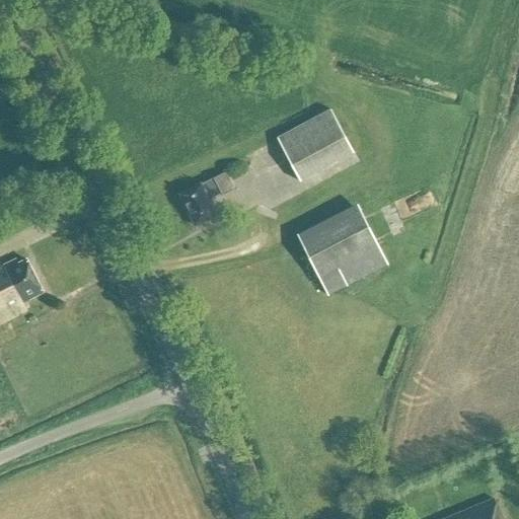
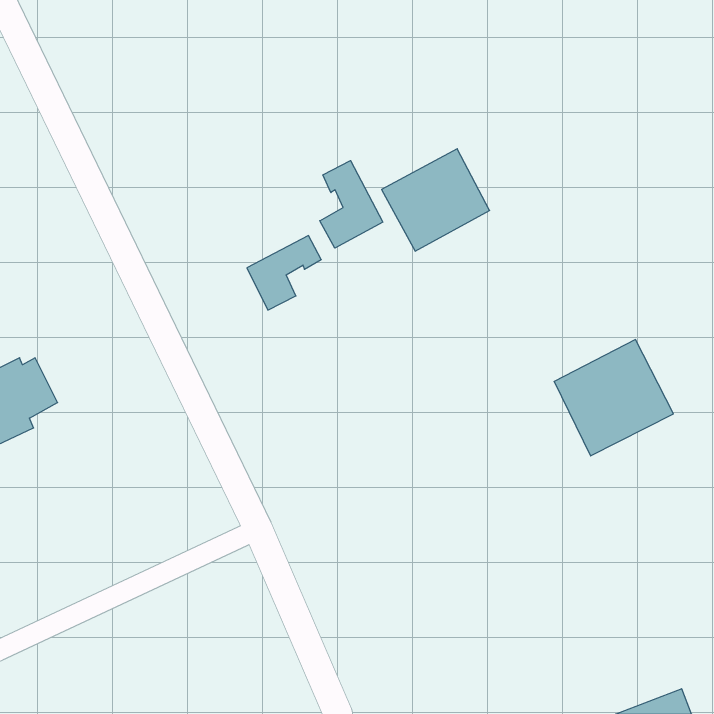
building: none -> [320,161,383,248]
building: [300,210,386,294] -> [554,340,673,456]

